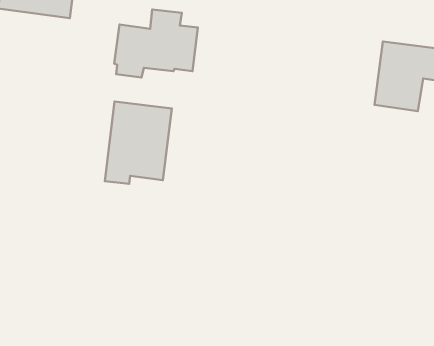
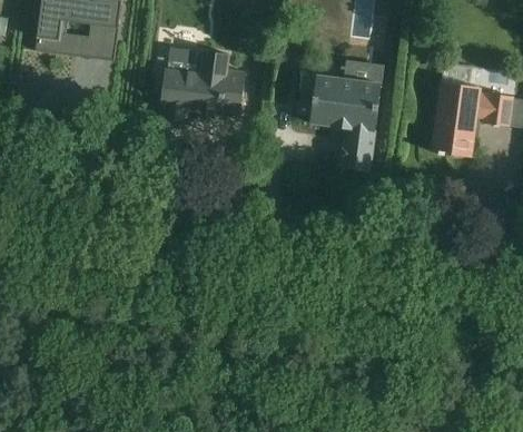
building: none -> [310,69,386,176]
building: [105,102,172,184] -> none

